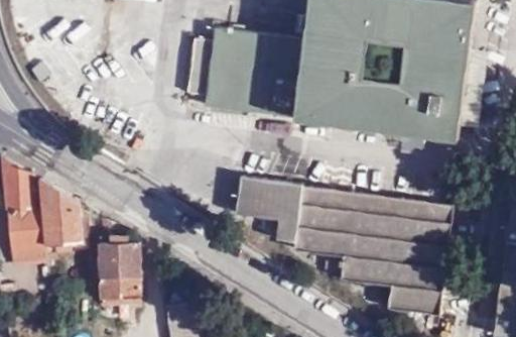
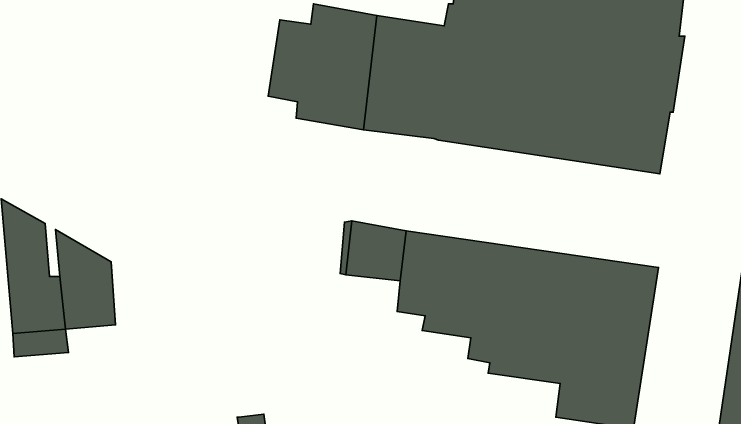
building: [99,243,141,297] -> none

